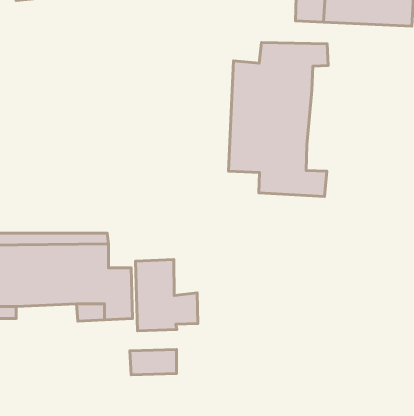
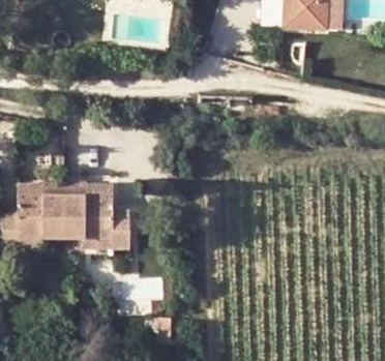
building: [228,42,328,197] -> none
building: [135,260,198,331] -> none

